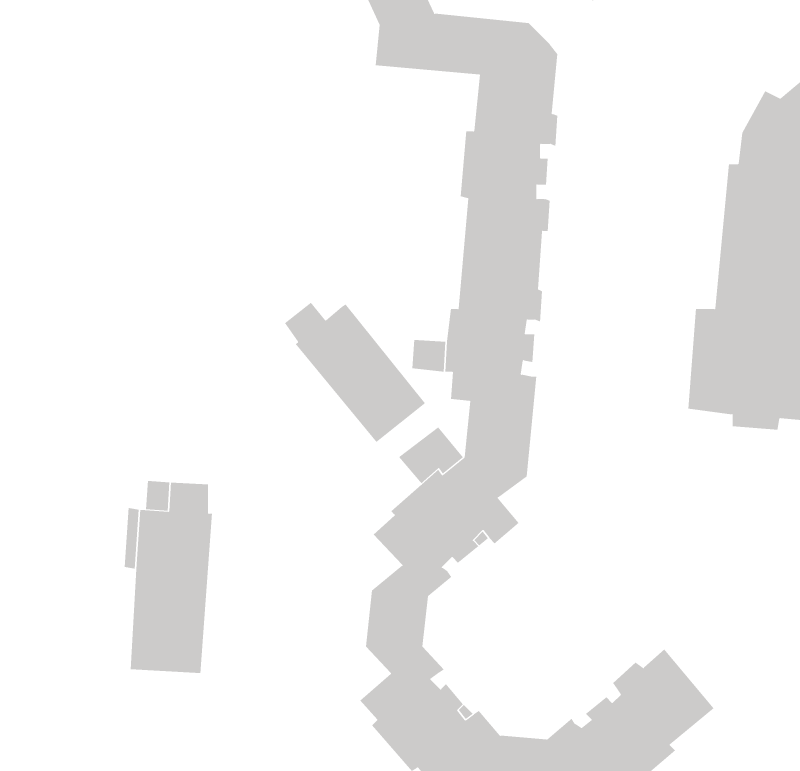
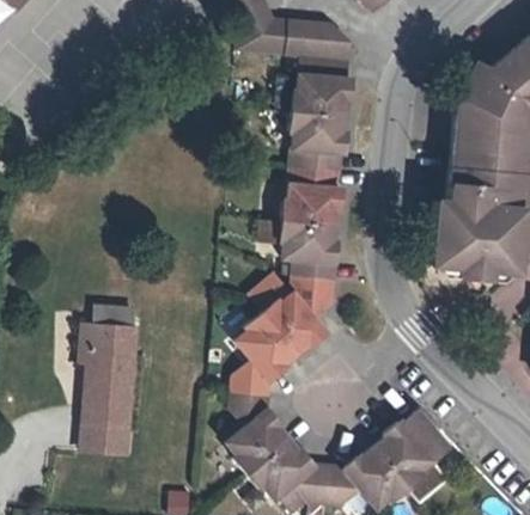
building: [284,302,426,443] -> none
building: none -> [83,424,129,453]

